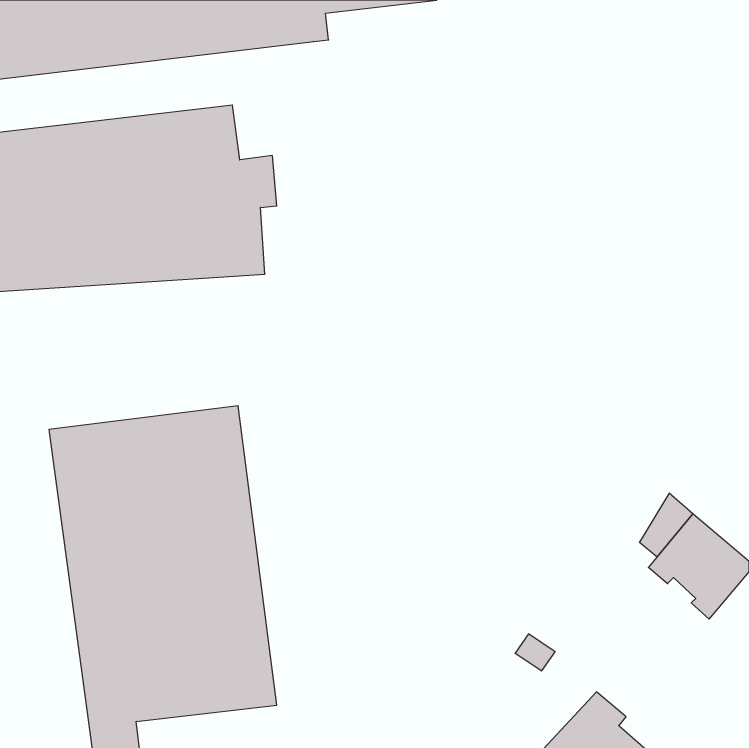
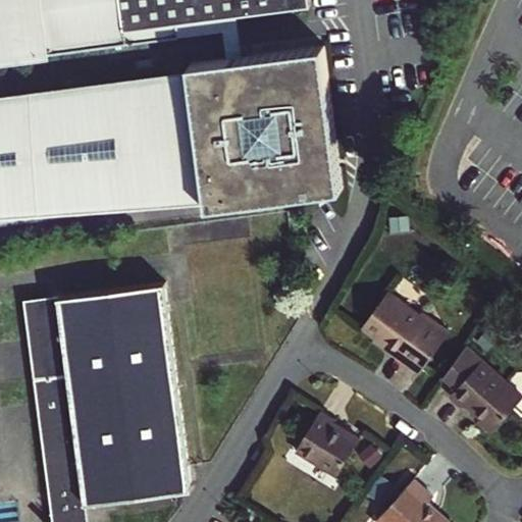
building: none -> [181,34,330,206]
building: none -> [359,296,447,375]
building: none -> [291,413,356,478]

